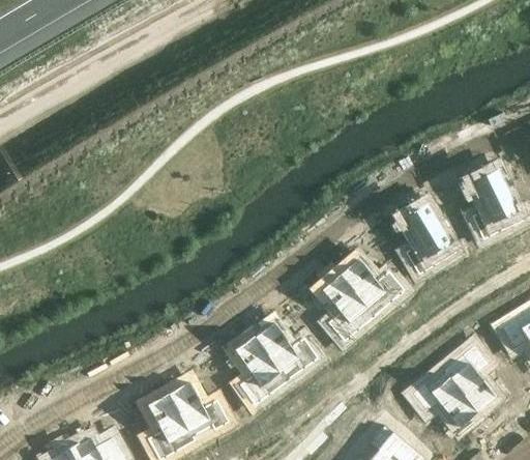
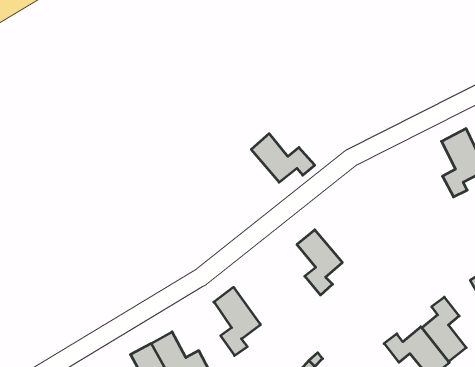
building: [400,203,449,275] -> none
building: [336,257,403,308] -> [251,134,315,182]
building: [253,321,316,372] -> none

